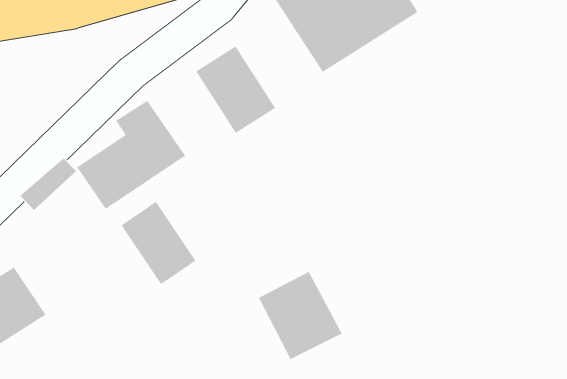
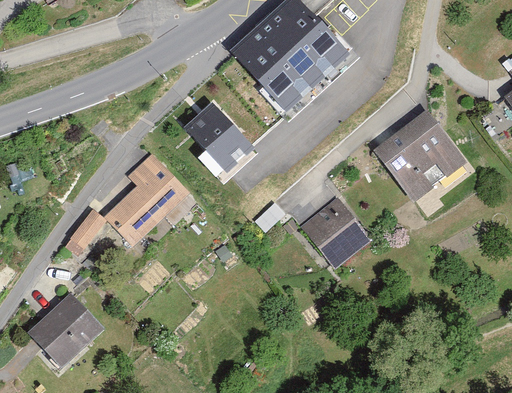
building: none -> [372,111,466,204]
building: [121,201,196,285] -> none
building: [258,271,343,360] -> [301,199,371,270]

